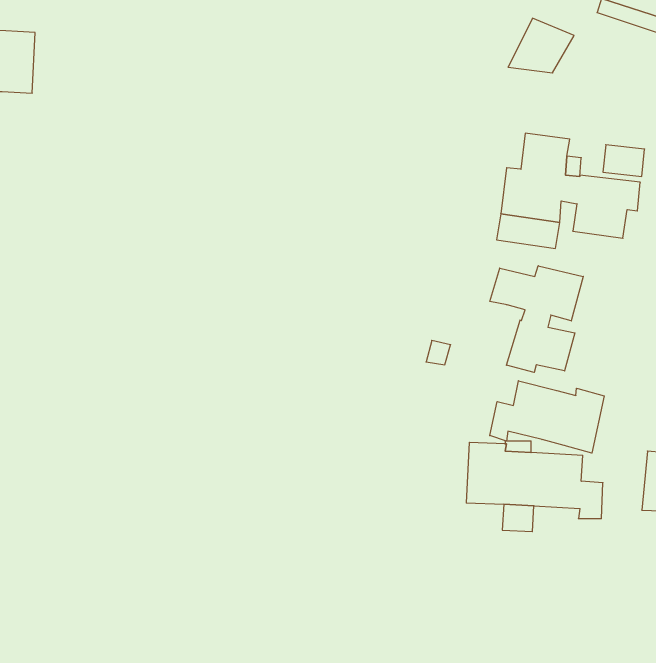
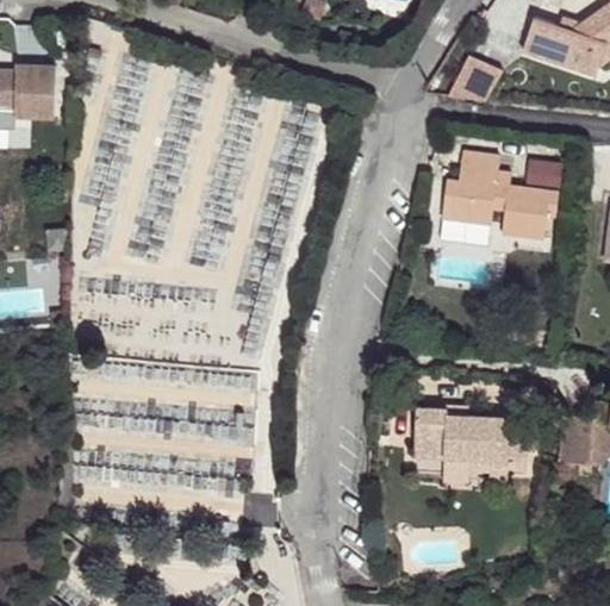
building: [490,266,583,372] -> none
building: [490,381,604,453] -> none

